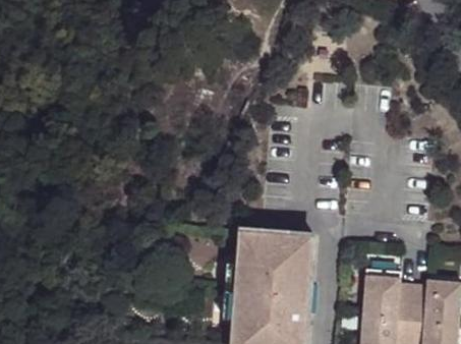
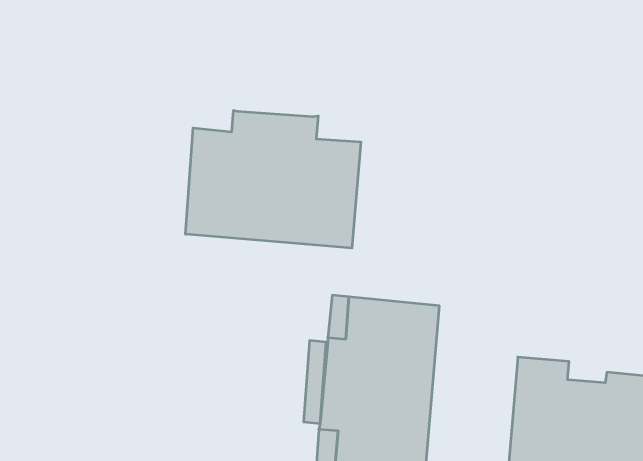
building: none -> [186,110,361,248]

